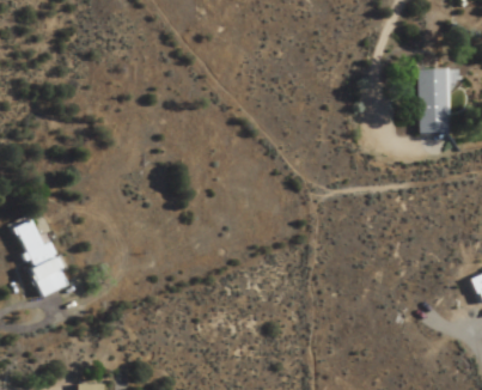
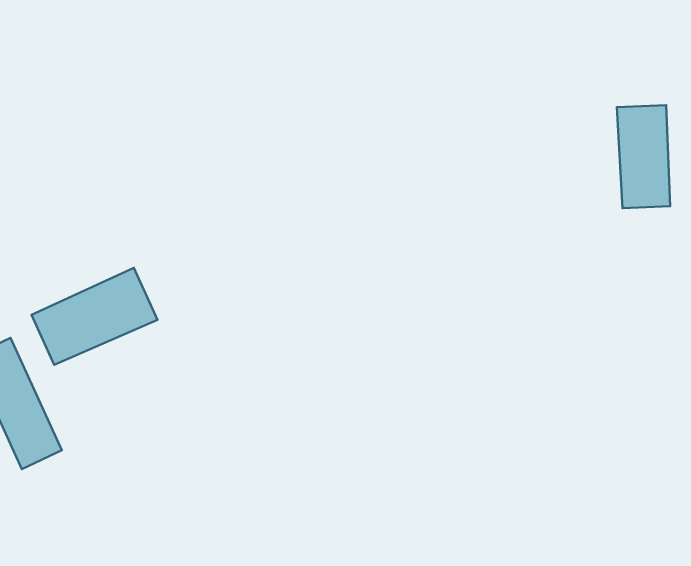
building: none -> [31,268,158,365]

